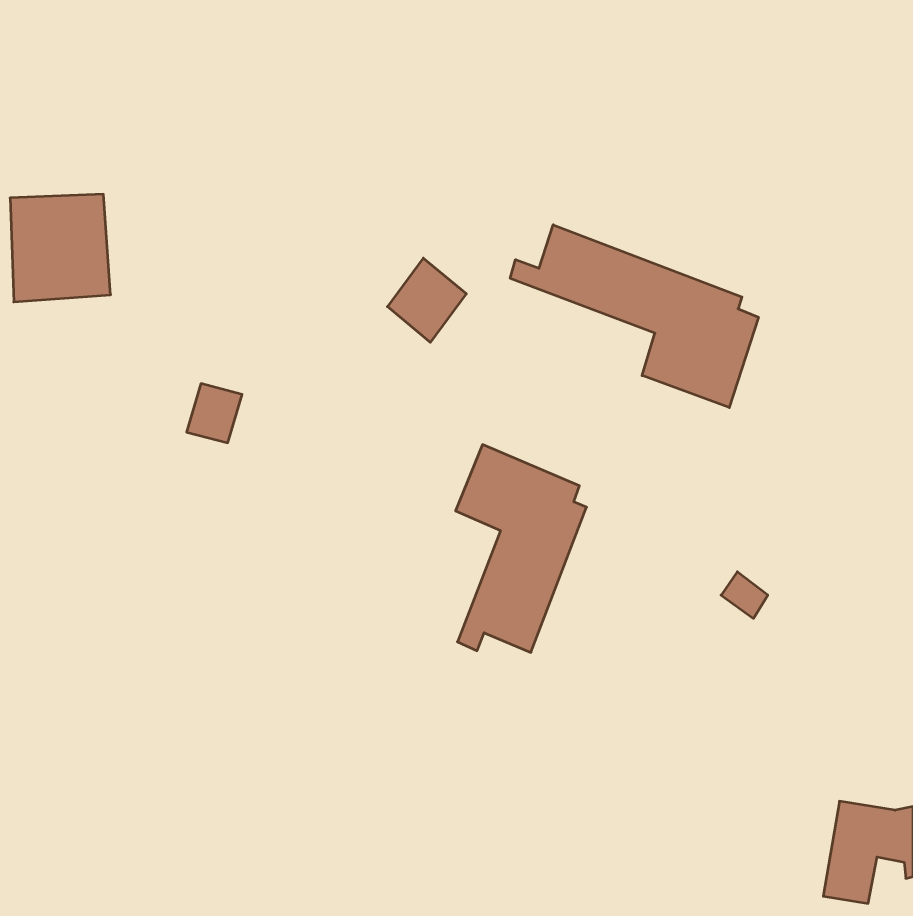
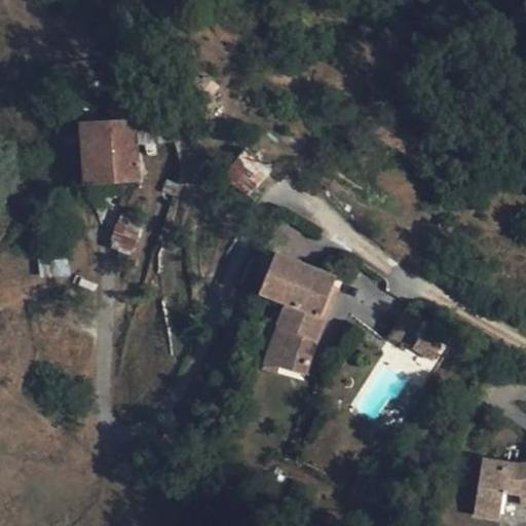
building: [10,194,111,302] -> [80,121,138,183]
building: [510,225,758,408] -> none

